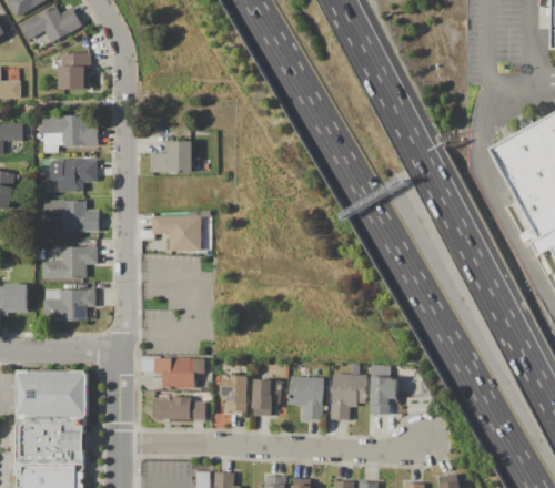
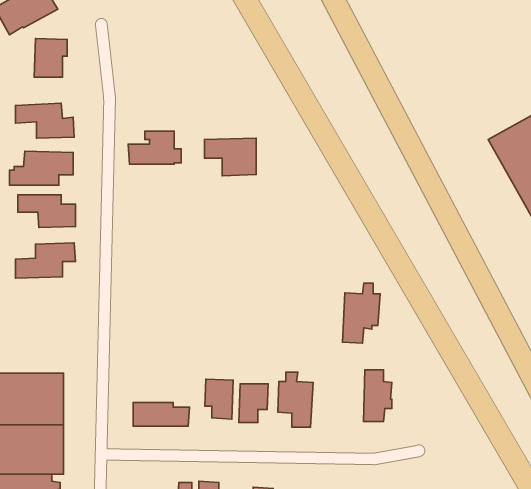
building: [152,215,201,251] -> [205,138,256,176]
building: [44,289,95,321] -> none
building: [154,357,204,388] -> none
building: [331,364,366,420] -> [343,283,380,343]

